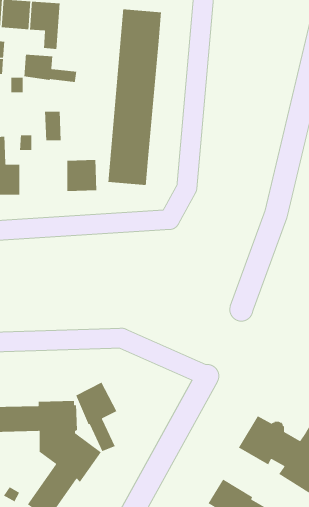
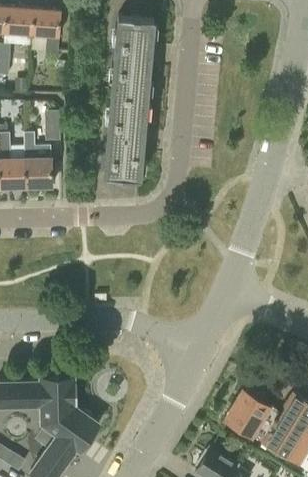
building: [24,54,77,83] -> none
building: [67,159,97,192] -> [24,158,52,188]
building: [75,382,117,452] -> none

